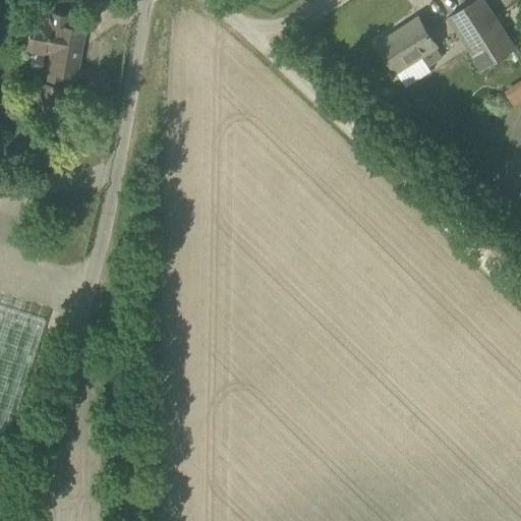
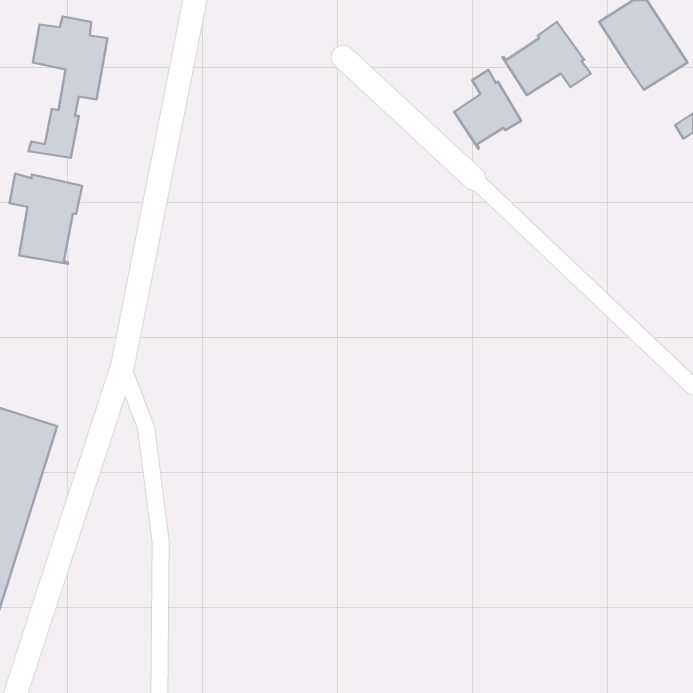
building: none -> [454,70,521,149]
building: none -> [10,174,82,264]

